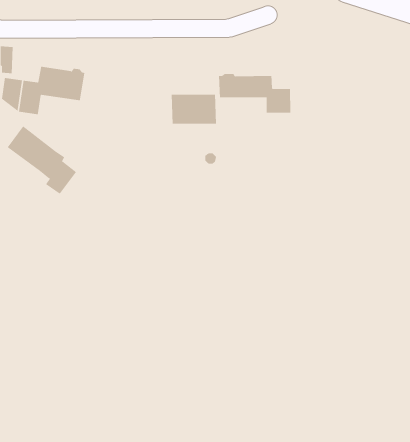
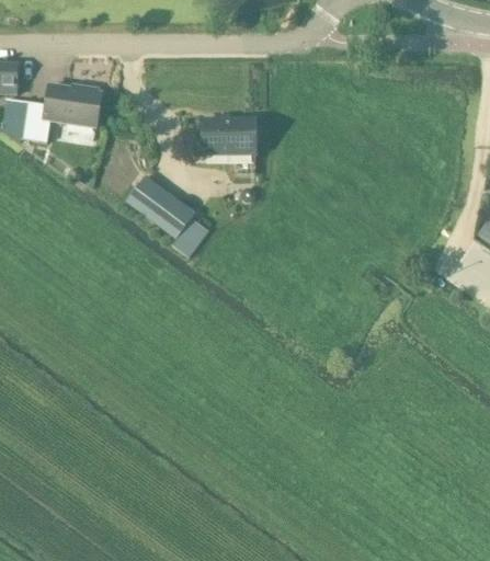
building: [218,73,291,114] -> none
building: [7,126,77,195] -> [127,175,209,256]

